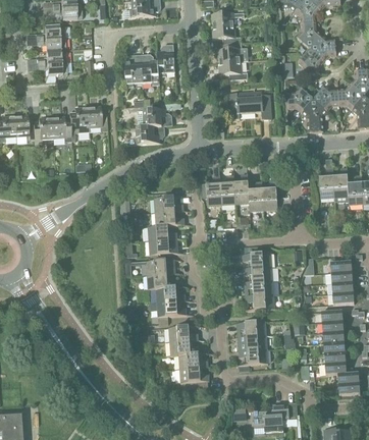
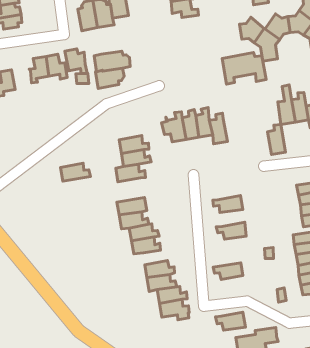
building: [229,91,272,120] -> [222,53,266,84]
building: [51,116,71,142] -> [65,49,87,74]
building: [262,181,278,211] -> [267,125,285,155]
building: [149,239,178,256] -> [61,163,90,181]
building: [243,253,272,269] -> none
building: [245,281,274,296] -> none
building: [236,321,266,337] -> none
building: [239,348,268,365] -> [215,312,245,330]

